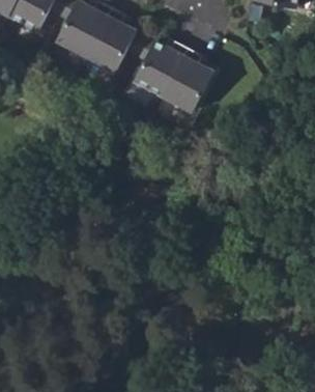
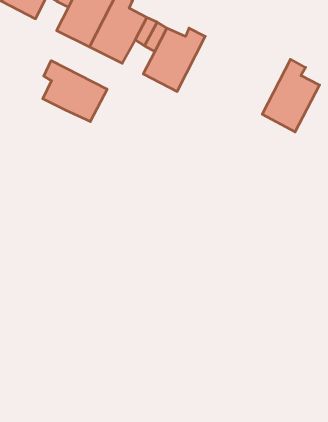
building: [160,49,210,113] -> [262,59,320,132]
building: none -> [43,61,107,122]

